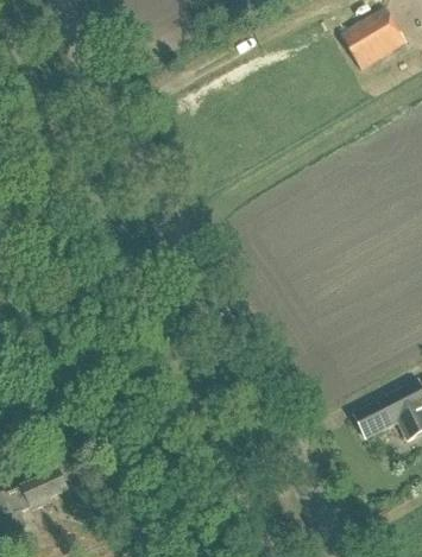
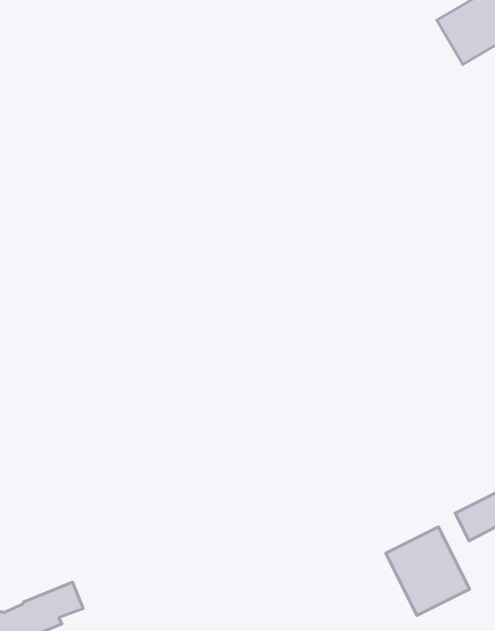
building: none -> [386,527,469,615]

